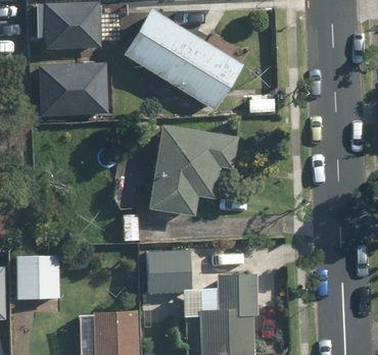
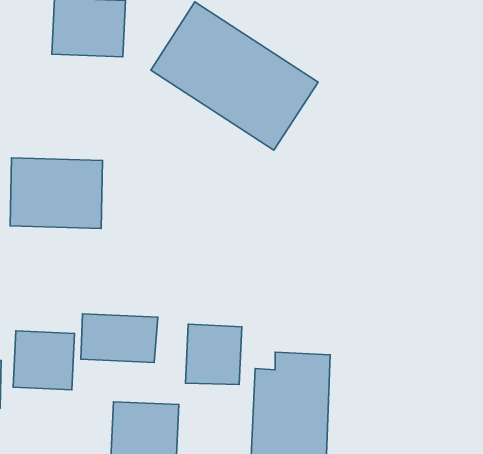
building: [36,62,106,116] -> [10,158,102,229]
building: [149,118,237,214] -> none
building: none -> [81,314,158,363]

